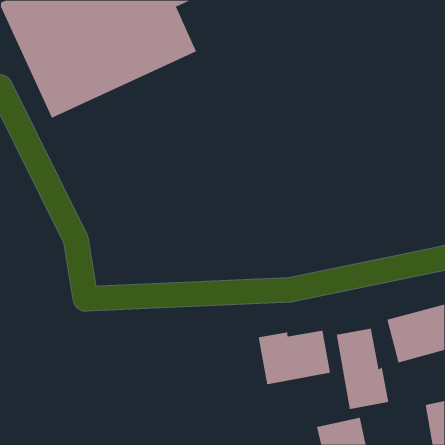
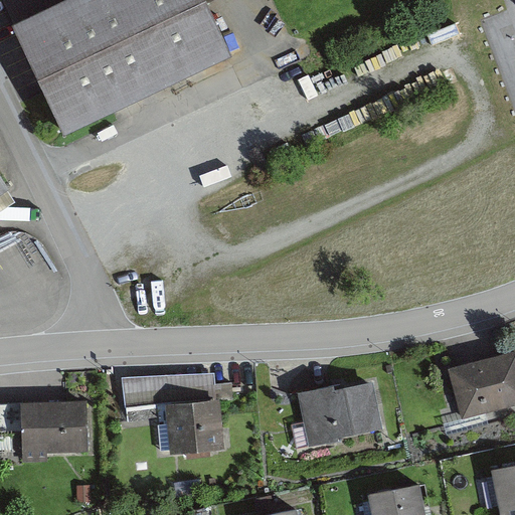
building: none -> [125,374,225,452]
building: [336,328,389,410] -> none
building: none -> [21,401,87,455]

